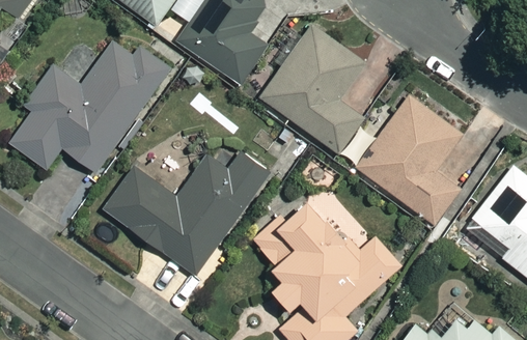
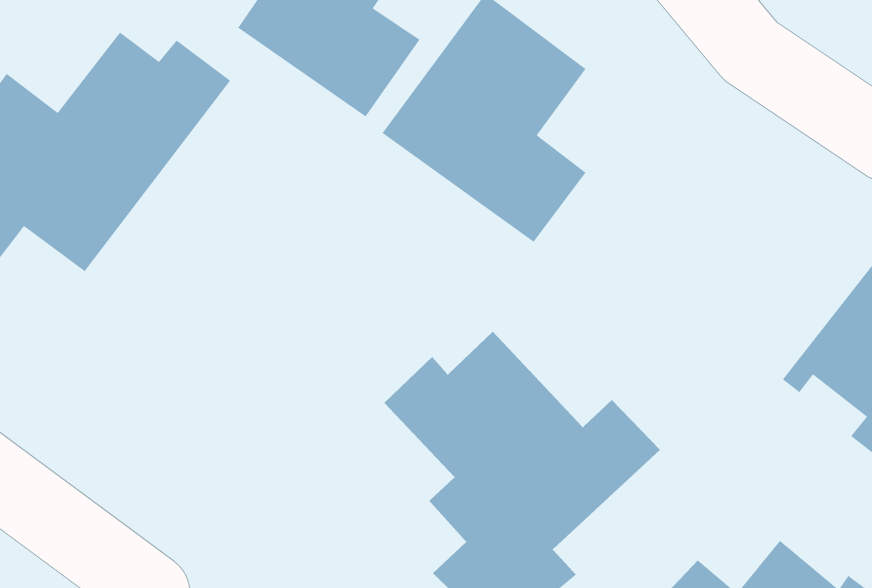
building: [350,92,461,225] -> none
building: [105,151,271,275] -> none

